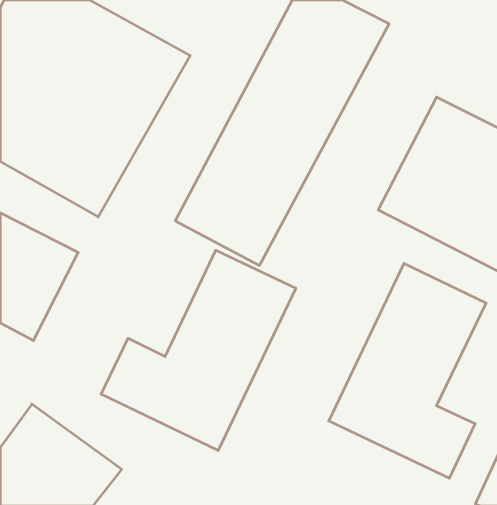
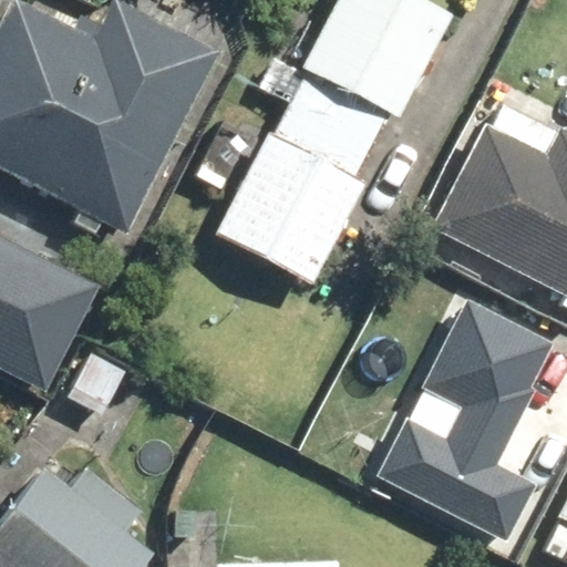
building: [101,250,296,451] -> none

